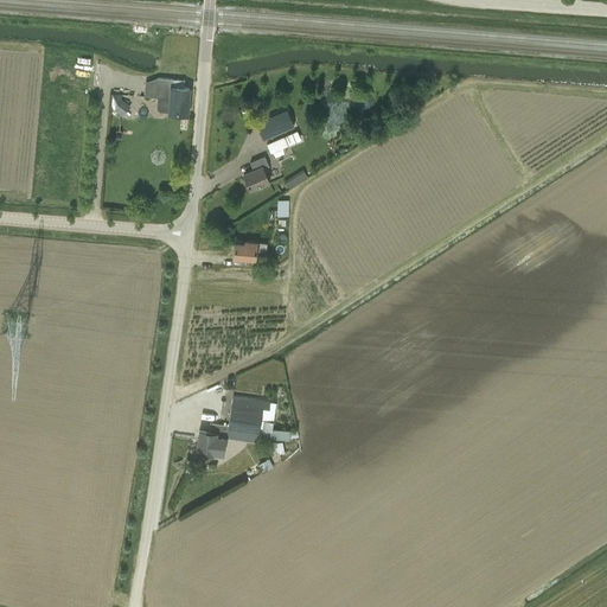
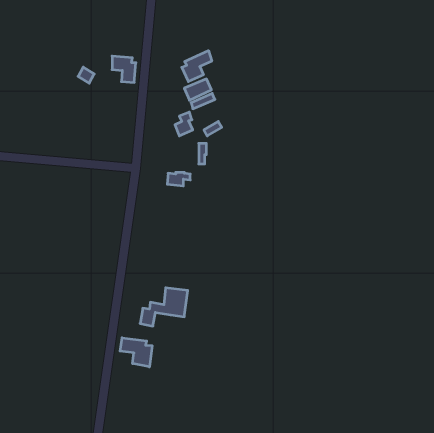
building: none -> [182,51,212,82]
building: none -> [120,338,152,367]

